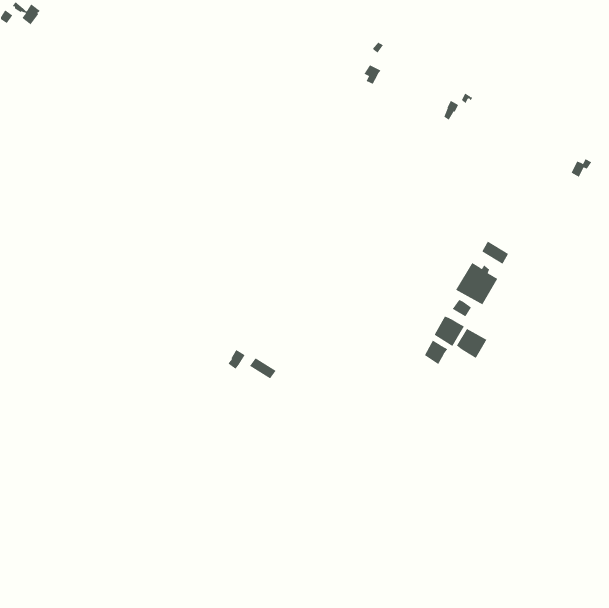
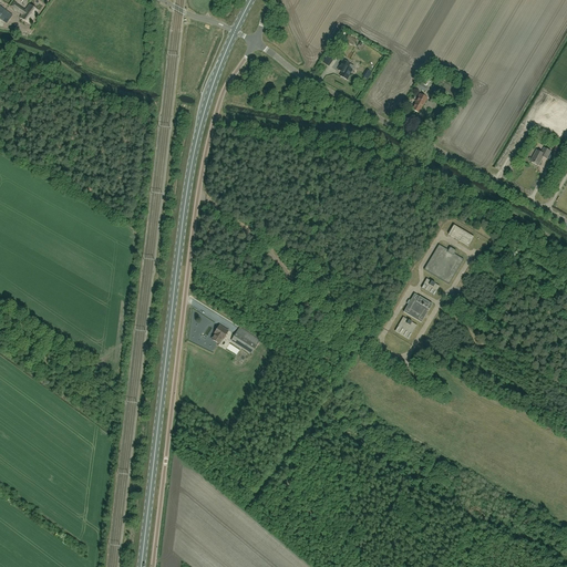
building: [456,328,487,359] -> none

